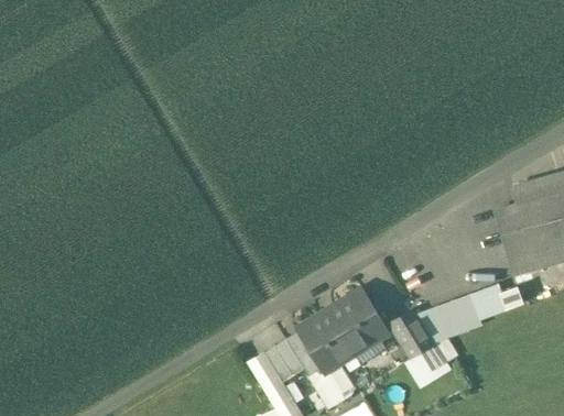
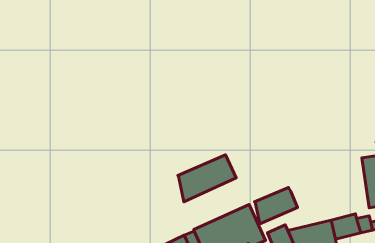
building: none -> [178,155,236,202]
building: none -> [254,187,298,224]

